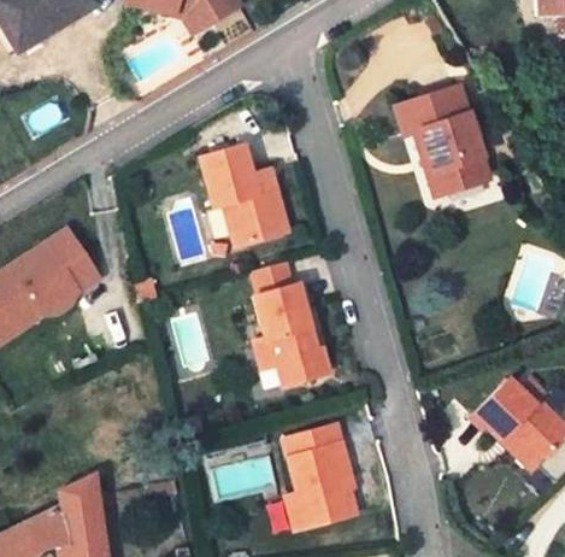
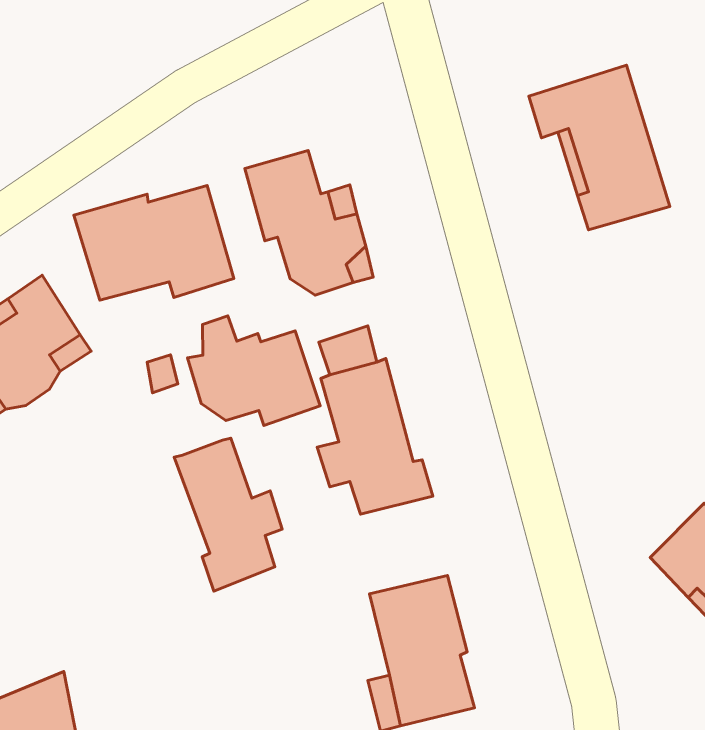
building: none -> [74,185,234,300]
building: none -> [187,316,320,425]
building: none -> [174,438,282,591]

